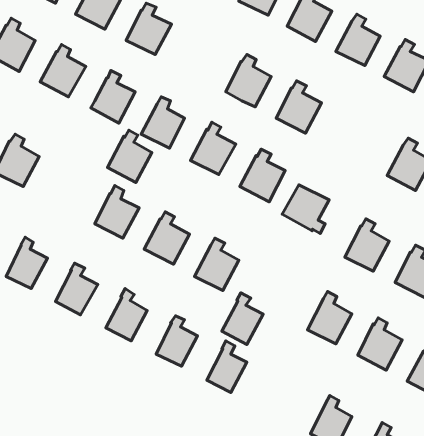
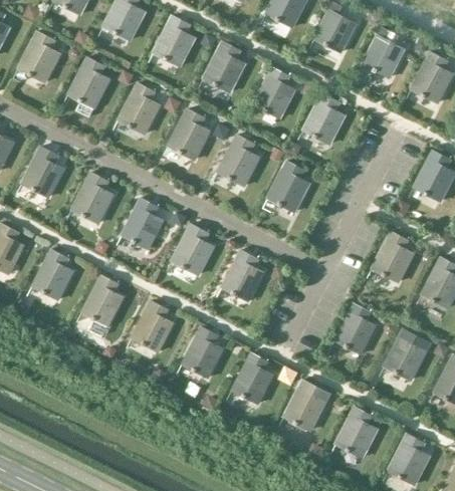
building: none -> [202,40,247,92]
building: [108,130,152,183] -> [71,172,116,224]
building: [282,185,329,234] -> none
building: [222,293,263,344] -> [284,379,325,430]

